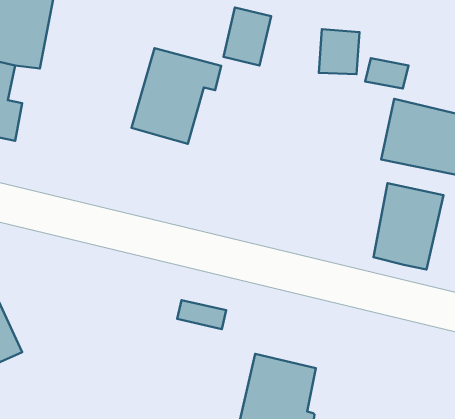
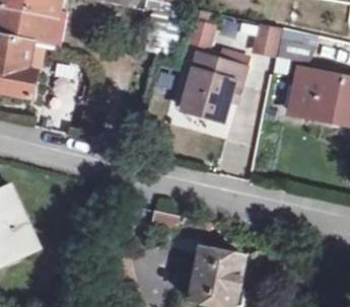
building: [131,48,221,144] -> [183,56,246,123]
building: [373,183,444,269] -> none

